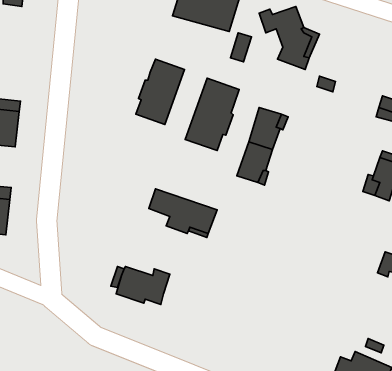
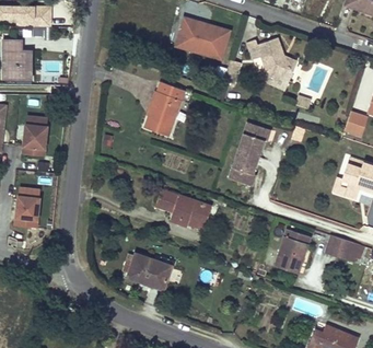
building: [185,78,239,151] -> none
building: none -> [276,229,310,271]
building: none -> [325,234,352,259]

